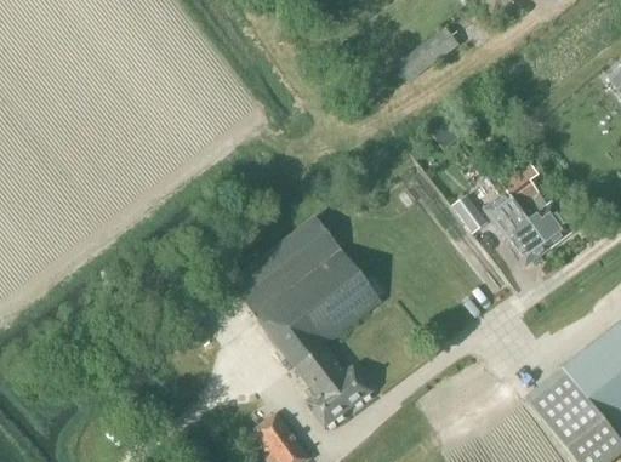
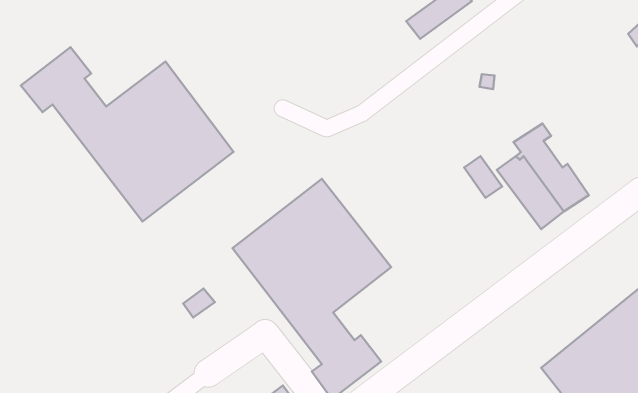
building: none -> [21,47,234,222]

